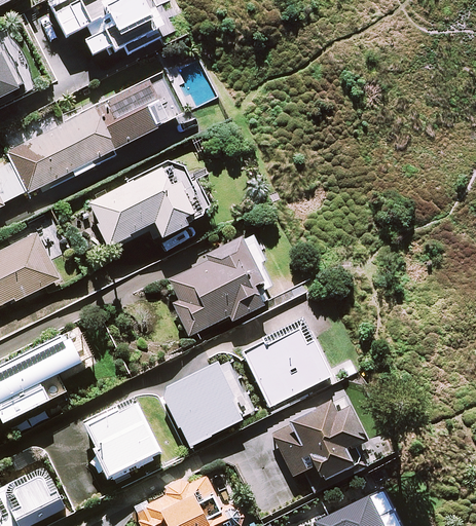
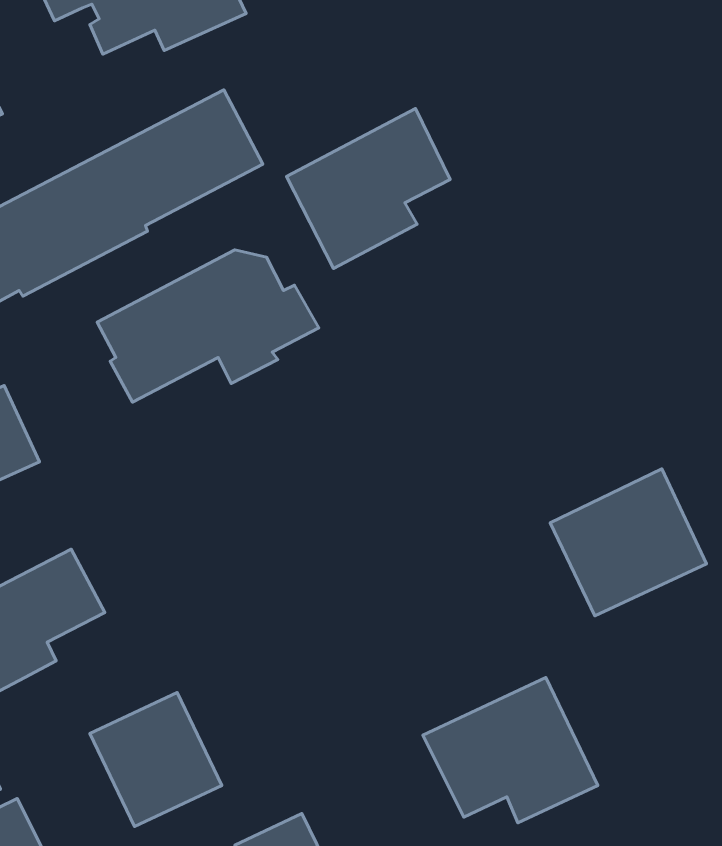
building: none -> [287,109,450,268]
building: [169,236,265,335] -> none
building: [244,324,330,405] -> [550,469,706,616]
building: [160,362,244,445] -> none

